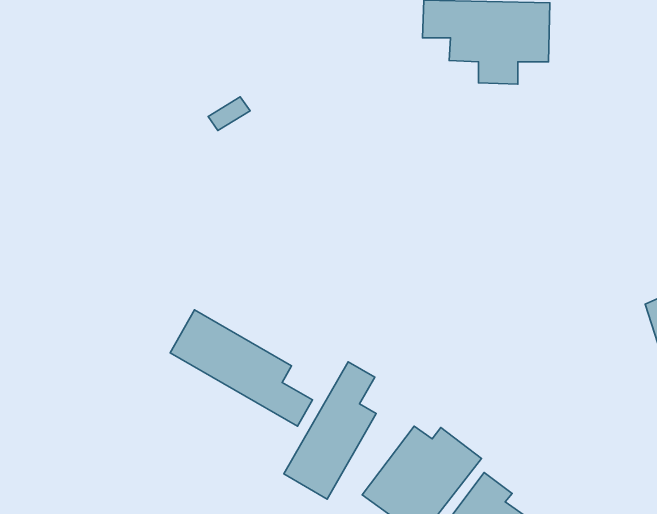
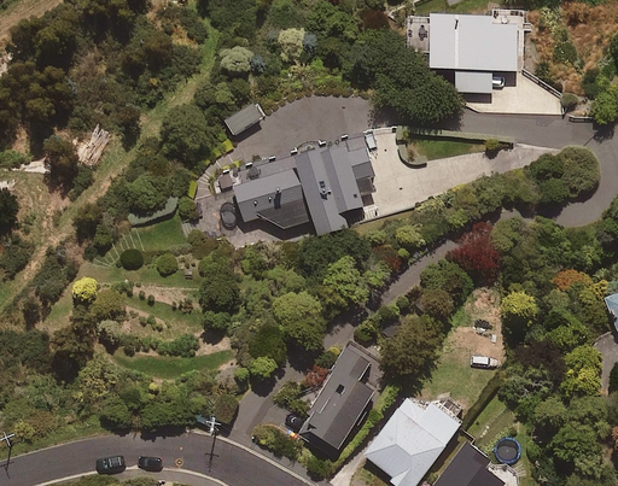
building: none -> [238,150,378,238]
building: [170,310,313,426] -> none

